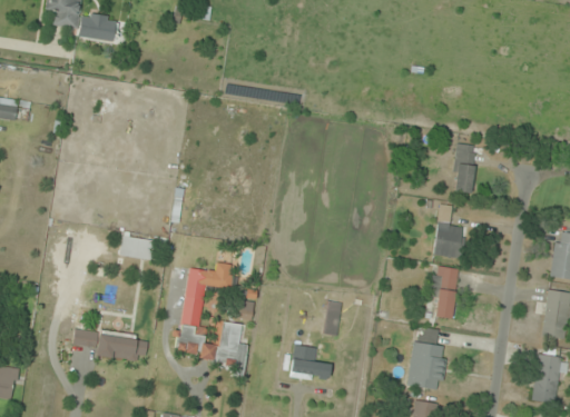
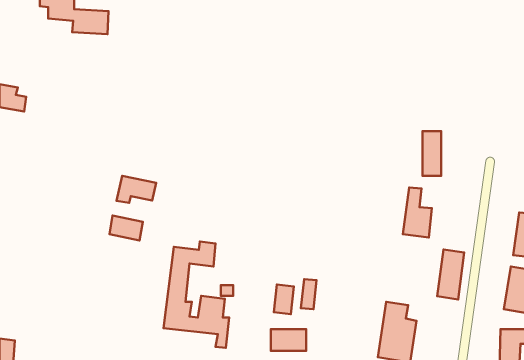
building: none -> [117,176,156,203]
building: [430,265,459,318] -> [437,249,464,299]
building: none -> [274,285,294,314]
building: [73,327,148,361] -> none

